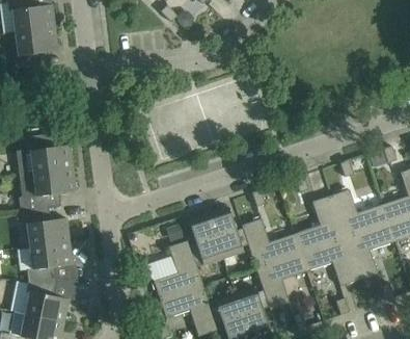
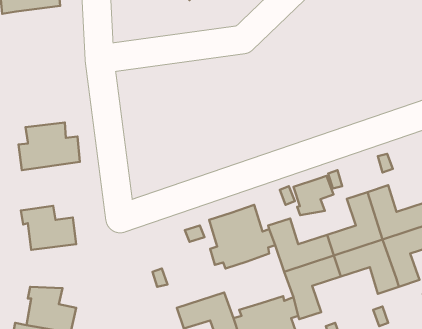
building: [13,27,58,69] -> none
building: [19,167,76,211] -> none
building: none -> [294,176,334,215]
building: [154,240,202,298] -> none
building: [27,241,73,281] -> none

